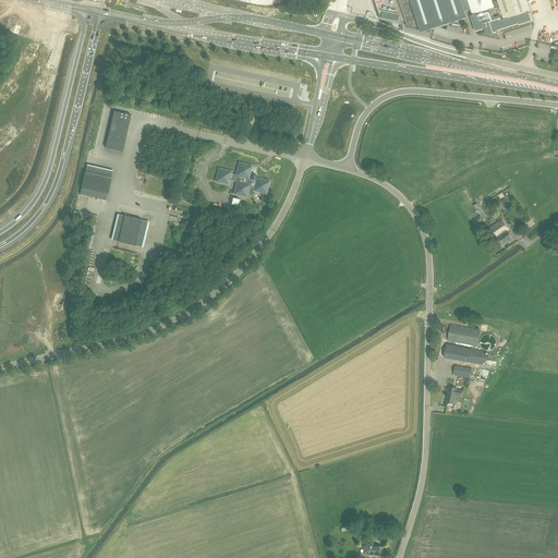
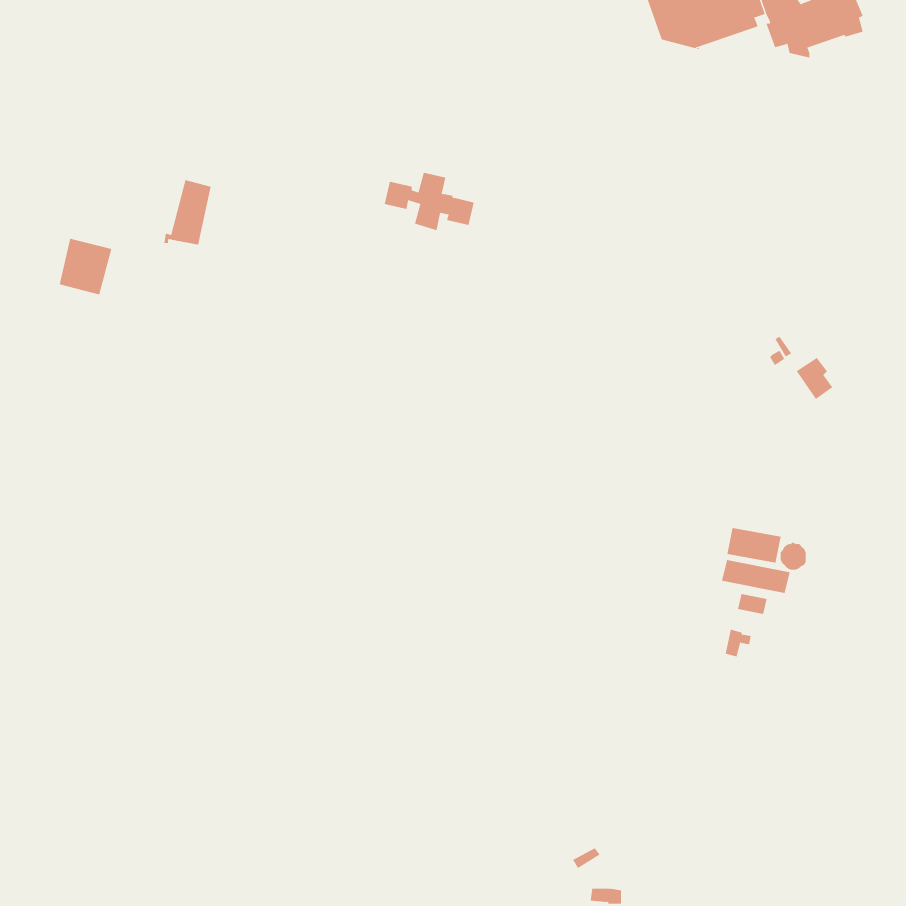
building: [214,161,269,197] -> [384,172,475,231]
building: [80,165,112,199] -> [59,238,112,295]
building: [110,211,147,245] -> none

